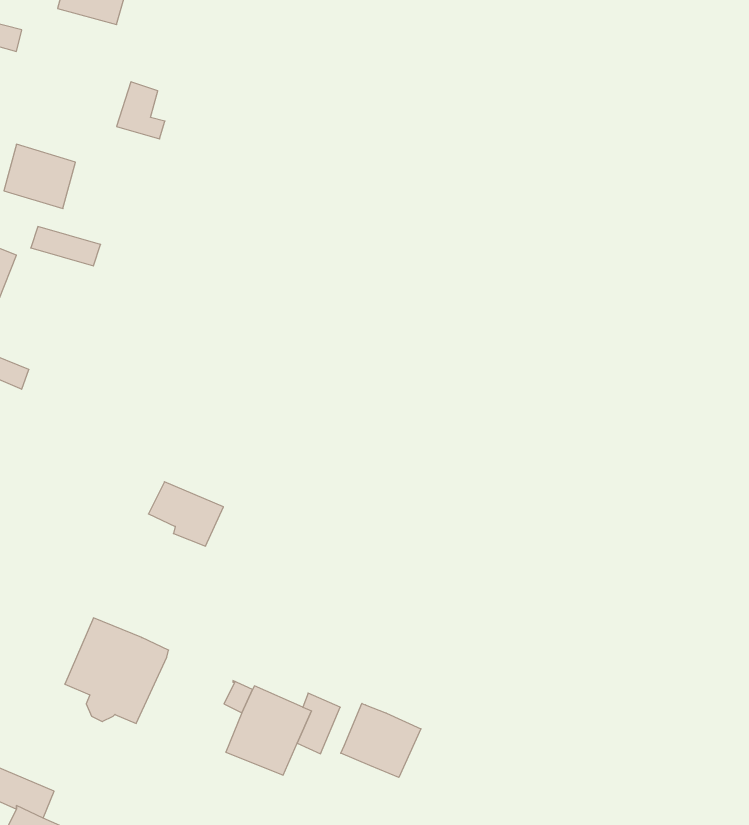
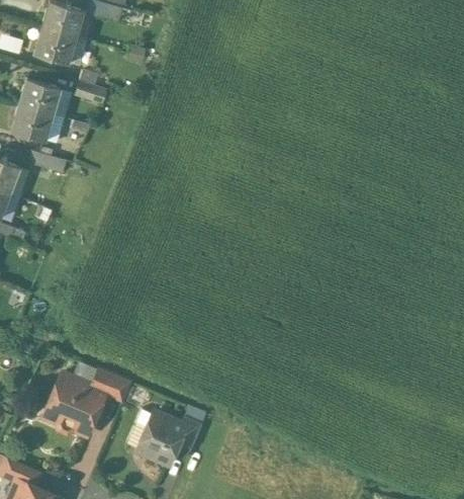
building: none -> [34,27,76,63]
building: none -> [19,79,61,114]
building: [148,482,223,546] -> [90,365,132,402]
building: [341,703,421,777] -> none

